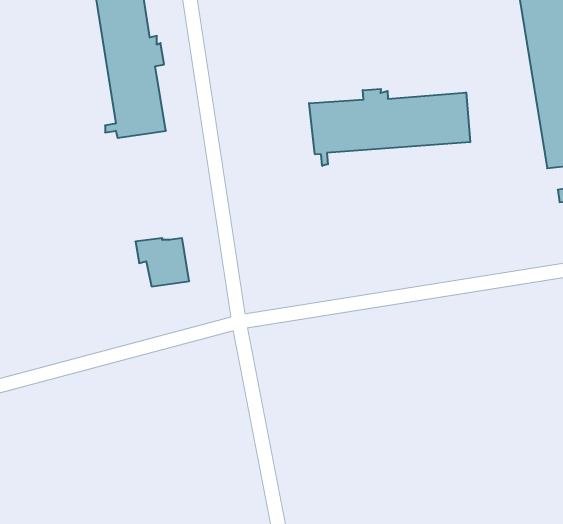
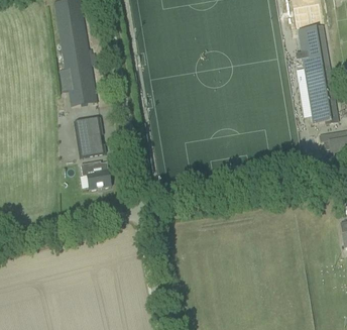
building: [309,89,470,166] -> none
building: none -> [73,117,105,156]

